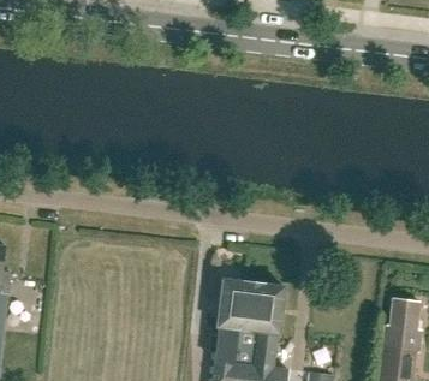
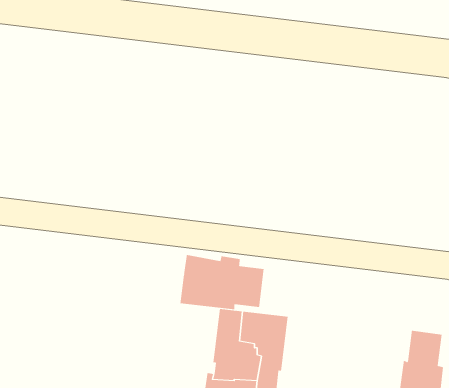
building: none -> [180,254,264,310]

